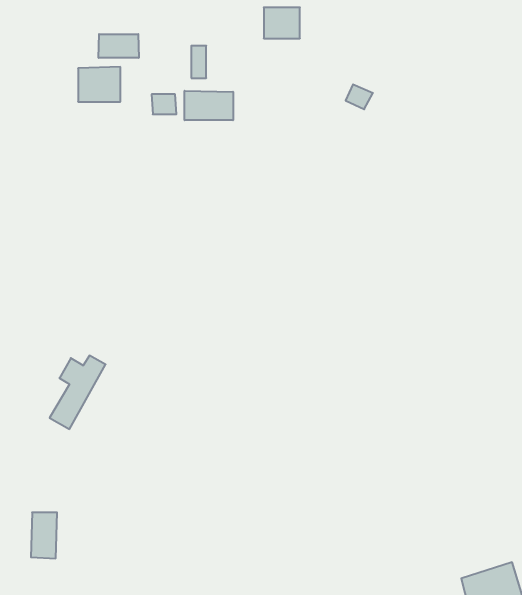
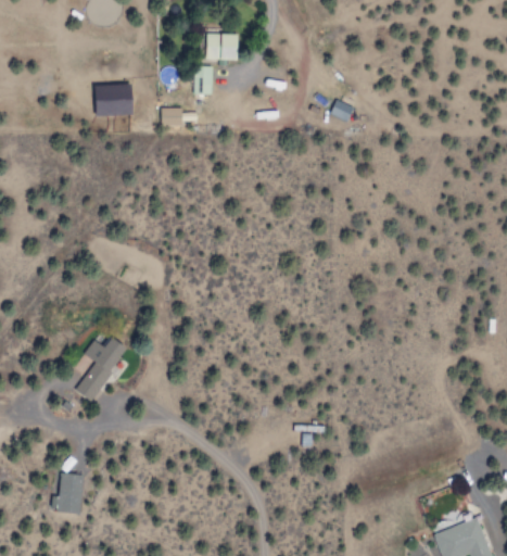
building: [264,7,300,38] -> [205,34,237,61]
building: [99,34,139,58] -> none
building: [185,91,233,120] -> none

